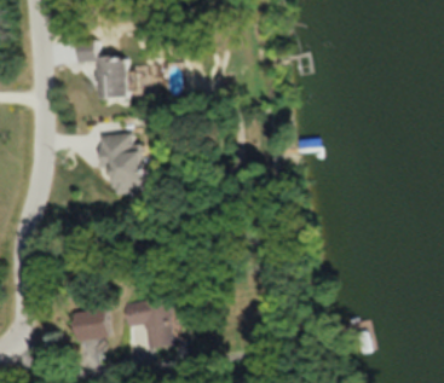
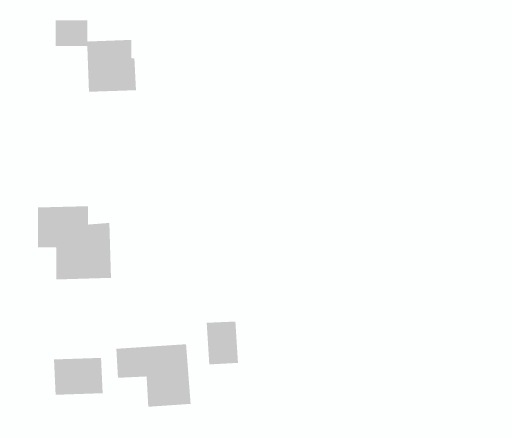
building: [98,134,157,193] -> [37,205,112,280]
building: none -> [206,321,239,365]

